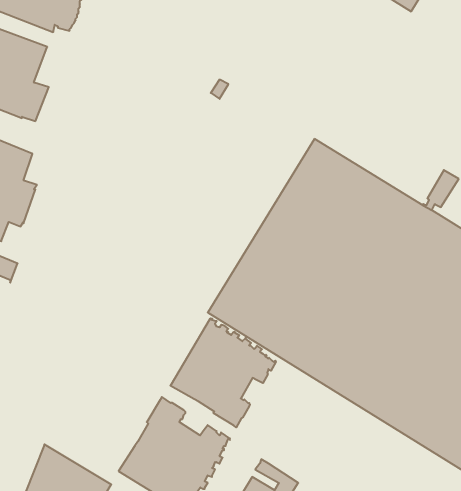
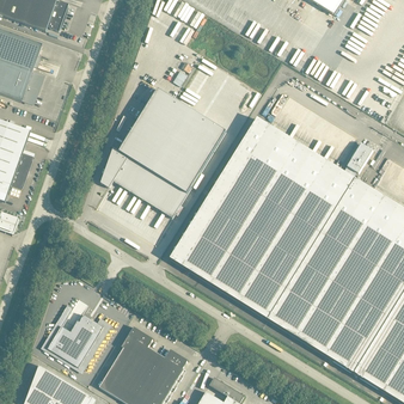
building: none -> [99,87,225,216]
building: [170,318,276,427] -> none
building: none -> [47,313,103,367]

